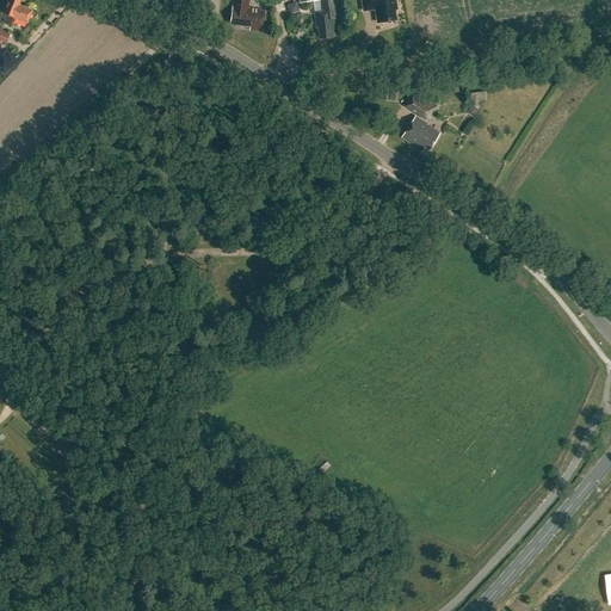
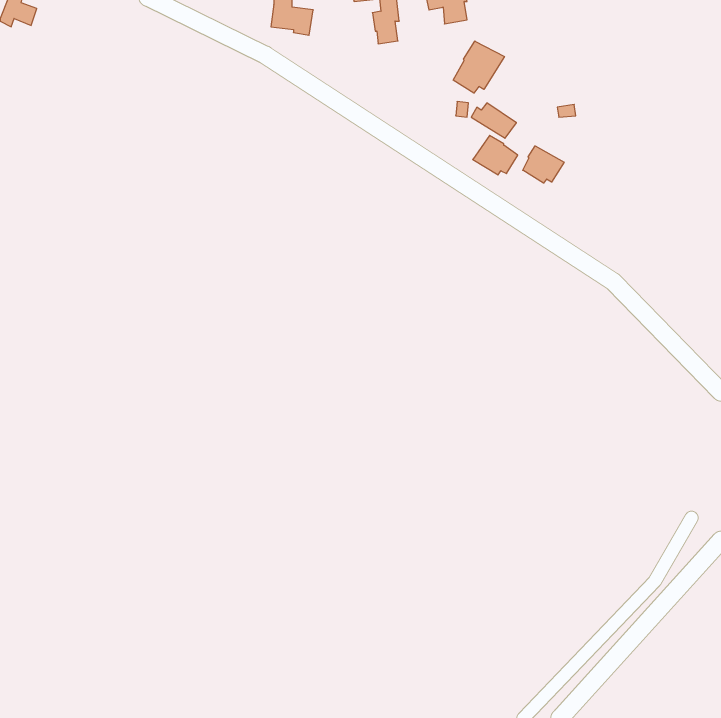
building: none -> [453,41,504,93]
building: none -> [523,146,564,183]

